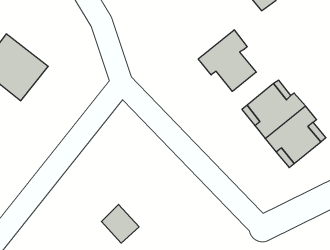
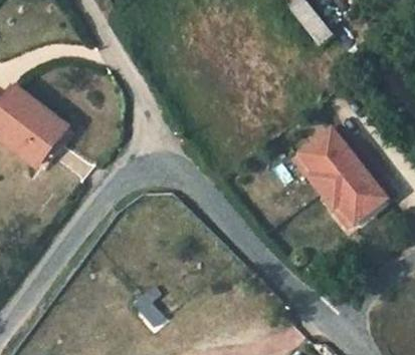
building: [198,30,256,91] -> none

